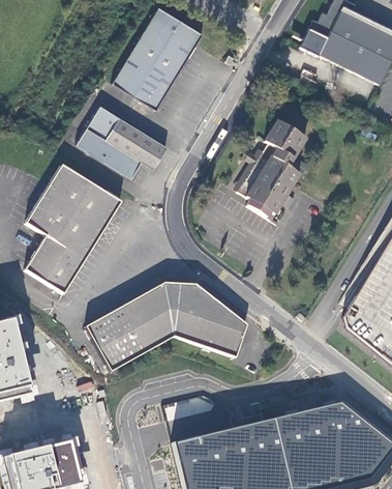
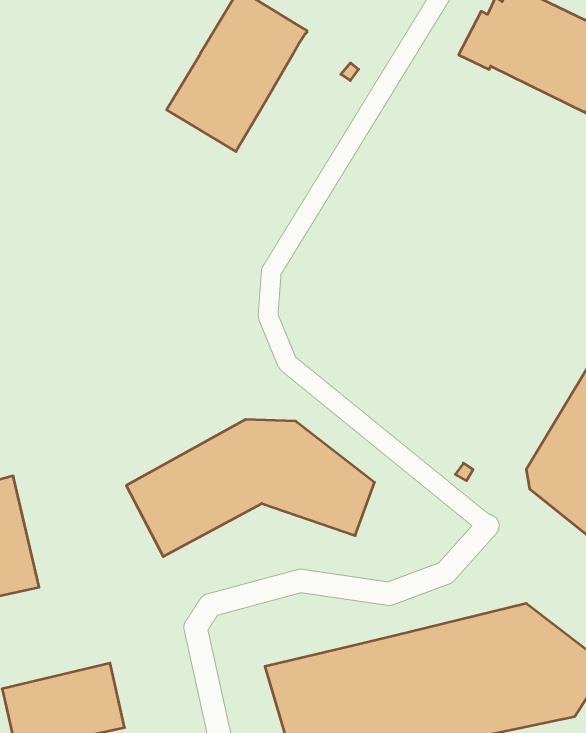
building: [74,104,165,174] -> none
building: [238,120,307,221] -> none
building: [26,166,120,292] -> none

